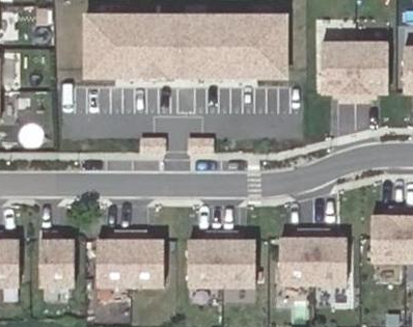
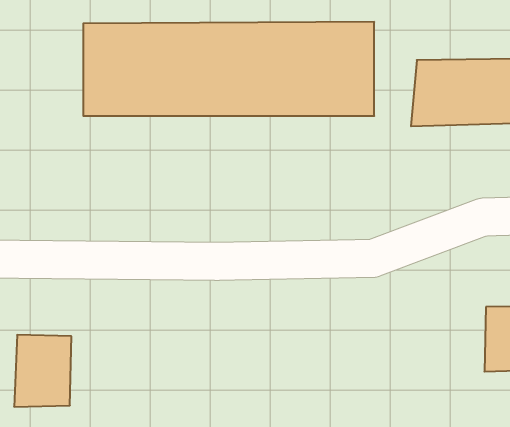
building: [274,237,347,285] -> none
building: [100,238,166,285] -> none
building: [184,239,255,287] -> none

